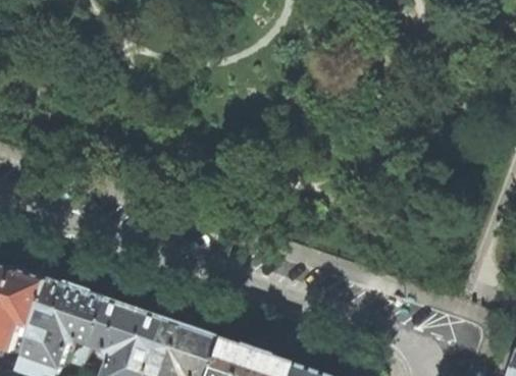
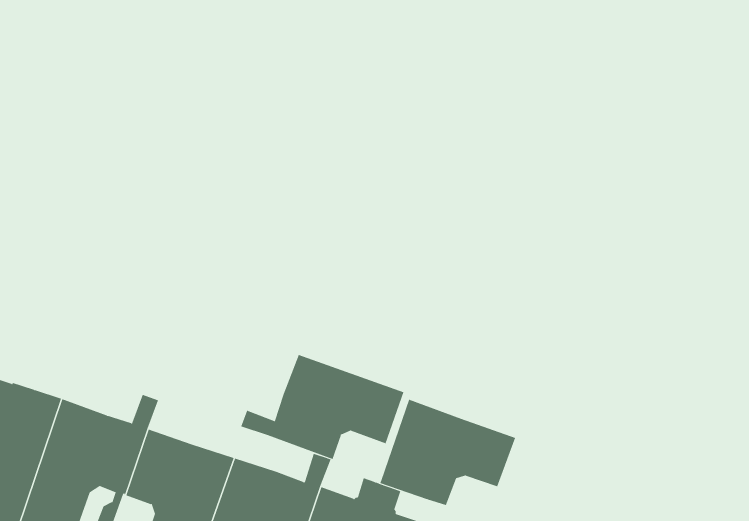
building: none -> [240,354,404,460]
building: none -> [379,399,516,506]

